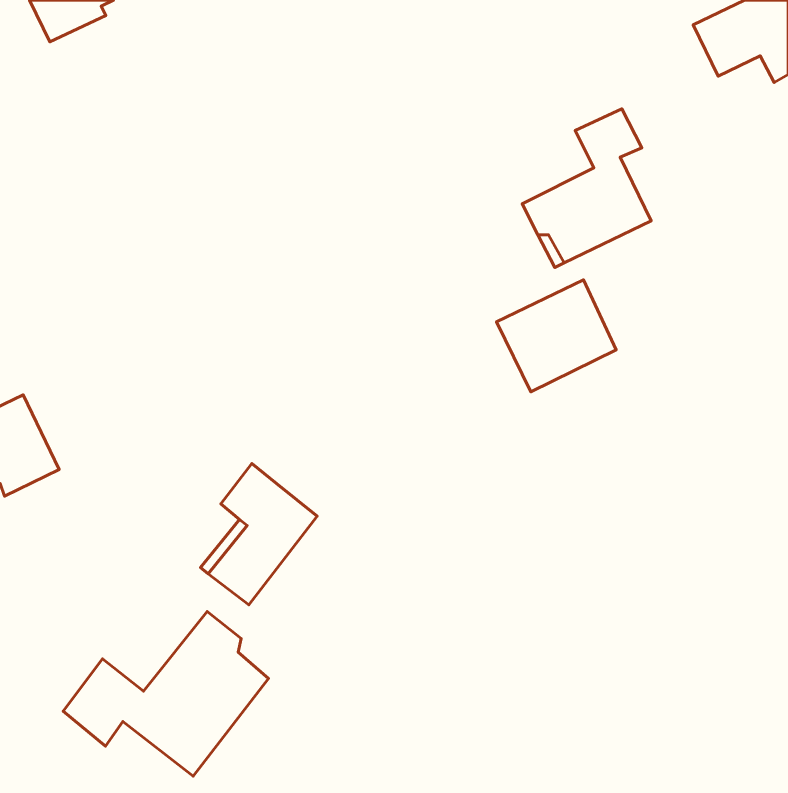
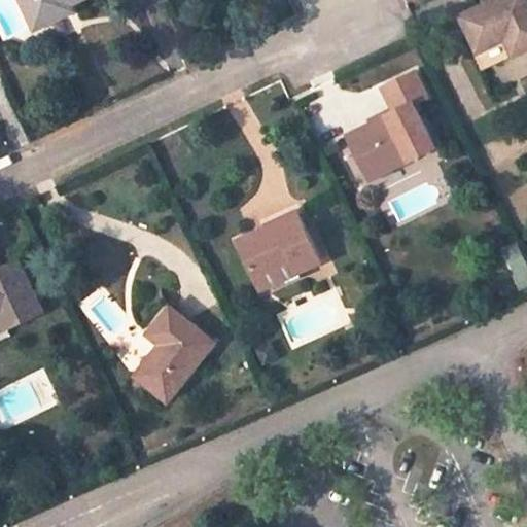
building: [497,280,616,392] -> [238,214,317,288]
building: [63,611,268,776] -> none

